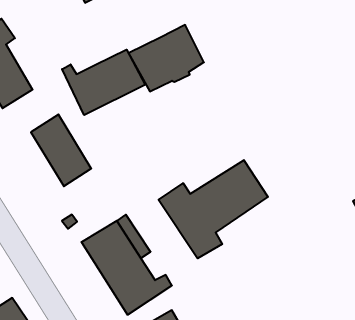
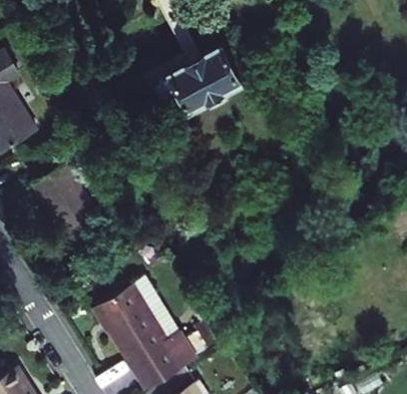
building: [62,50,145,115] -> none
building: [159,160,268,258] -> none

